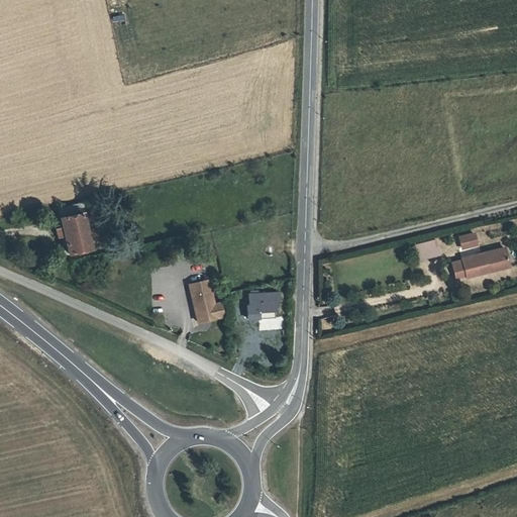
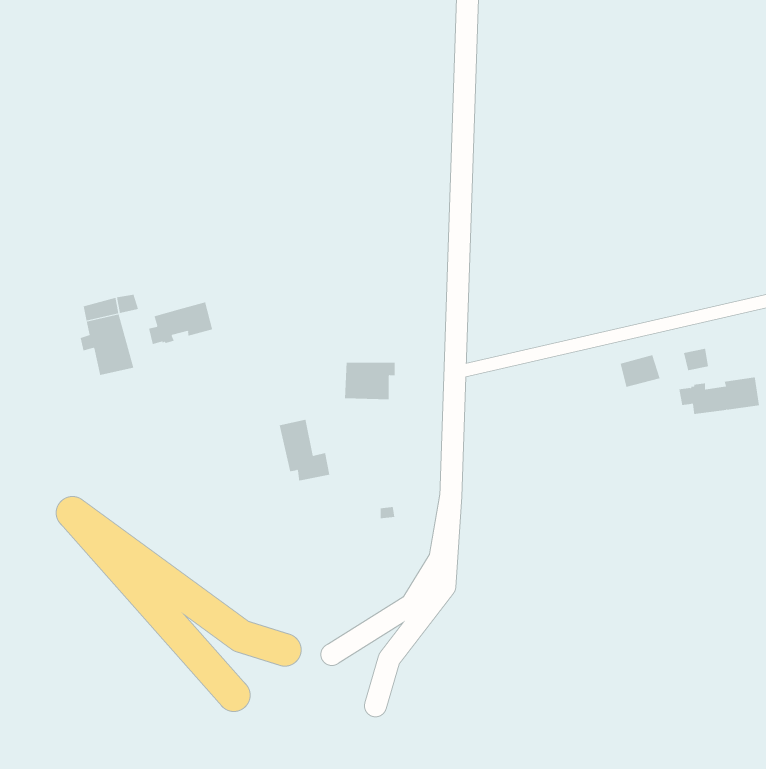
building: none -> [149,301,213,345]
building: [247,292,282,317] -> [344,362,396,400]

